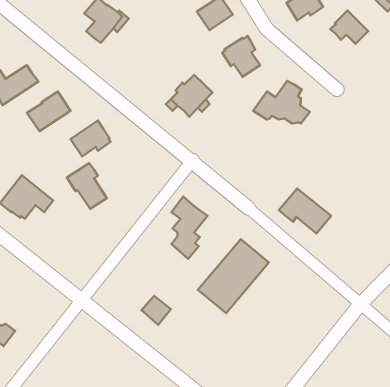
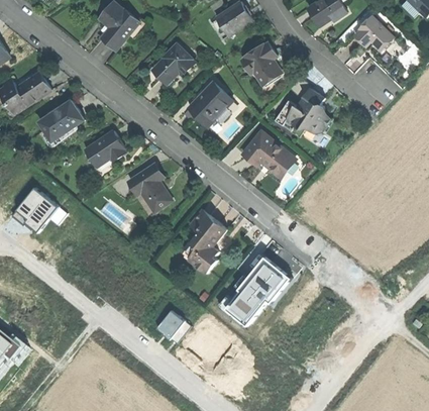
building: none -> [151,43,194,83]
building: [67,163,107,209] -> [129,164,171,211]
building: [279,189,331,233] -> [241,130,296,177]

